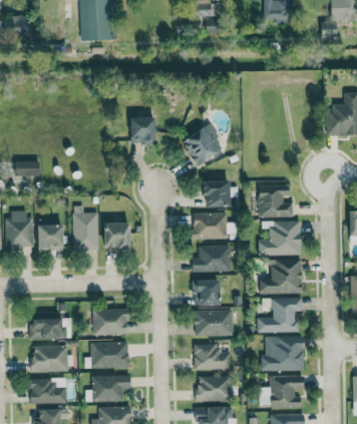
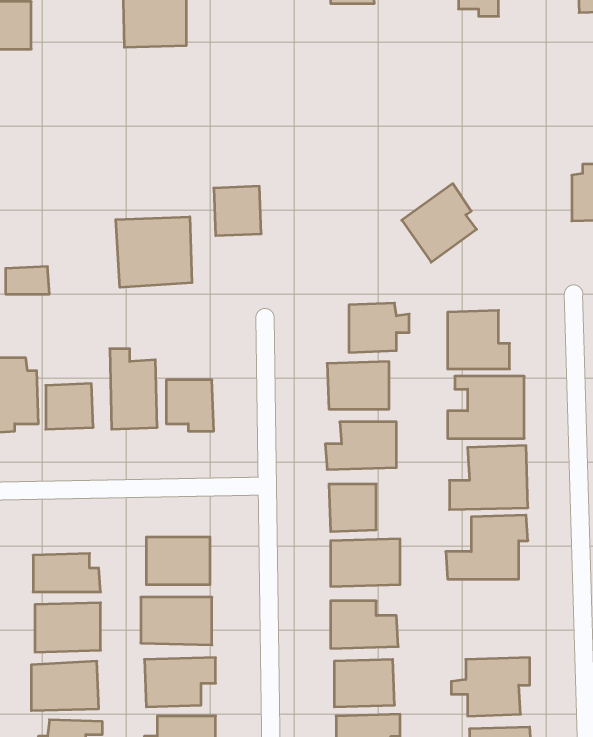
building: [181,122,222,165] -> [402,184,477,262]
building: none -> [116,217,192,287]
building: [260,336,303,371] -> none

